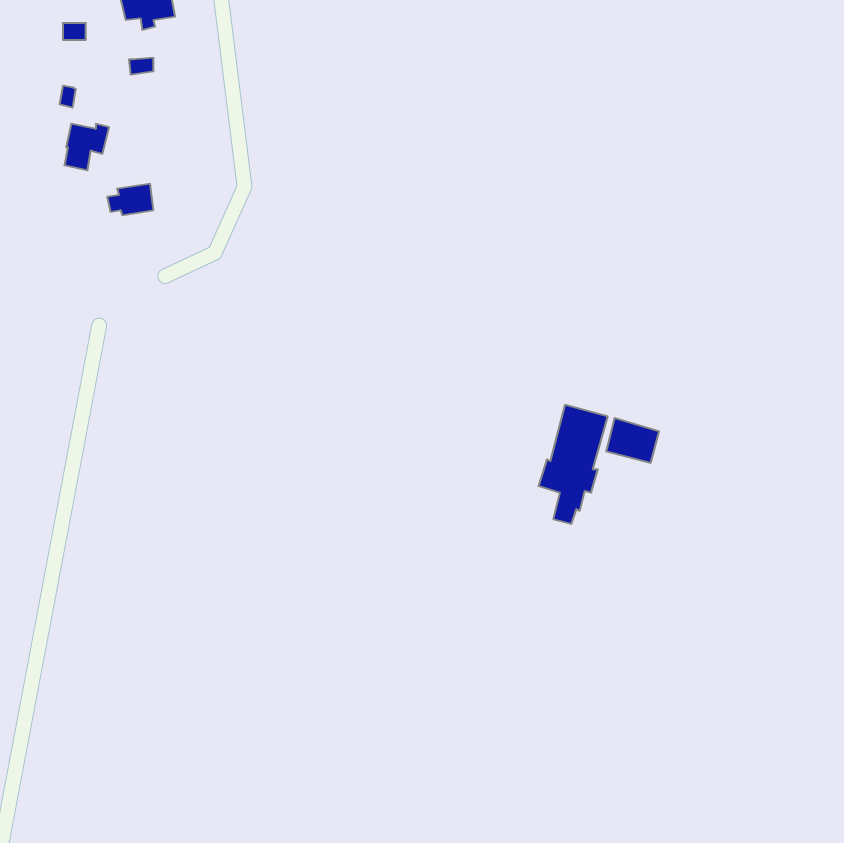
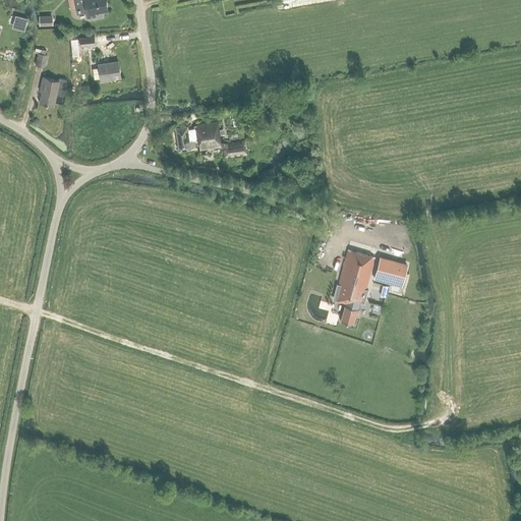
building: [107,184,153,215] -> [92,60,120,79]
building: none -> [176,121,247,157]

